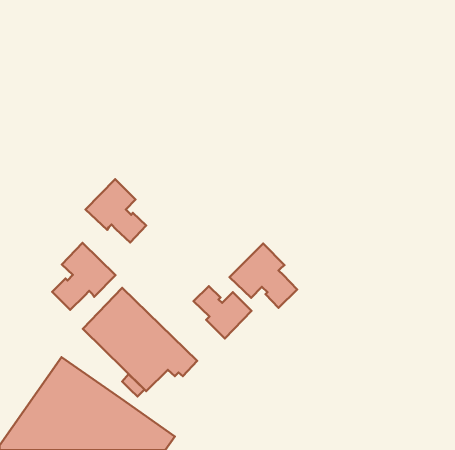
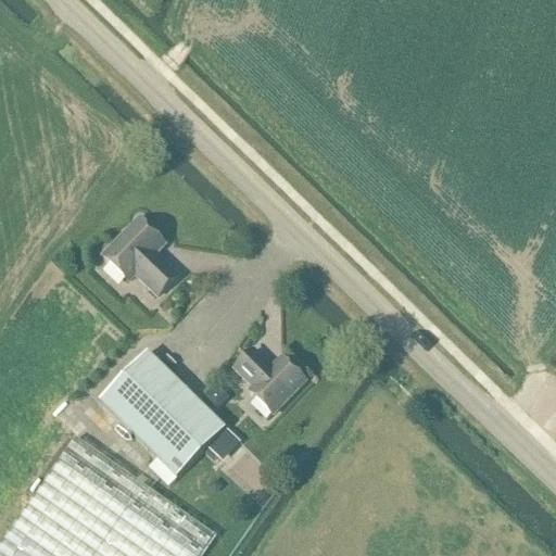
building: [52,243,116,310] -> none
building: [230,244,297,308] -> none

